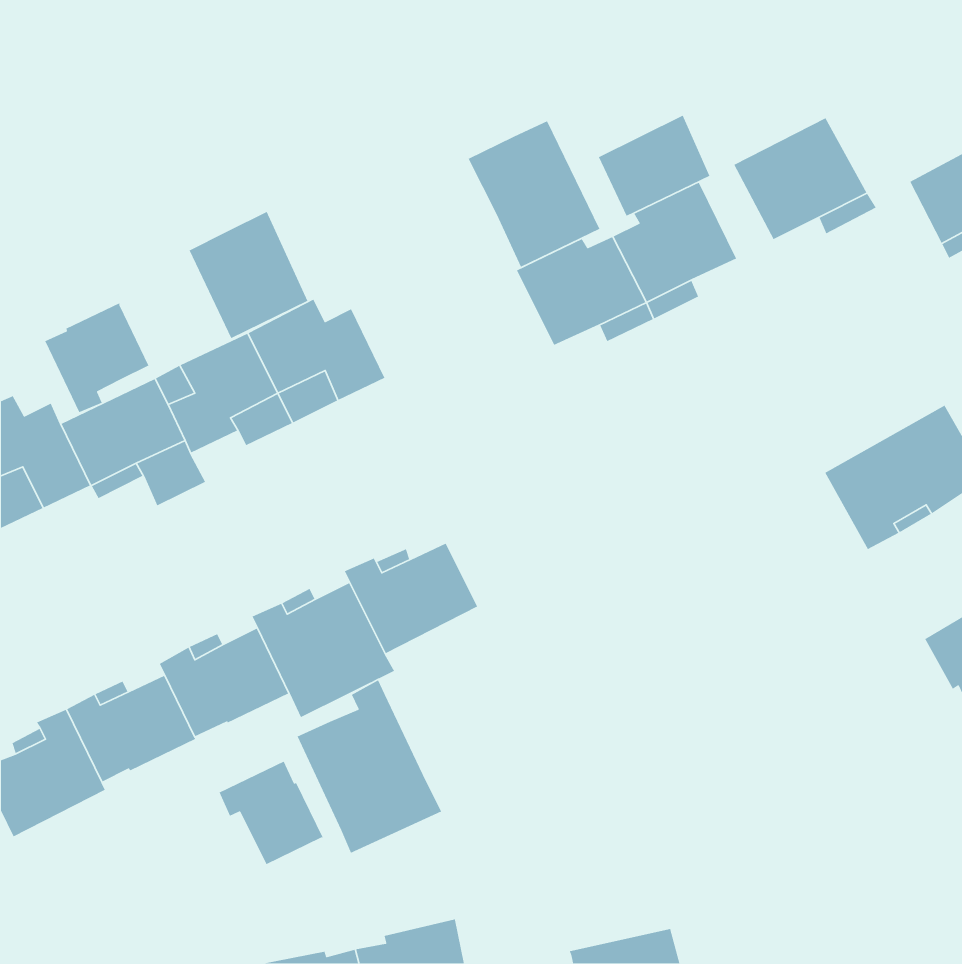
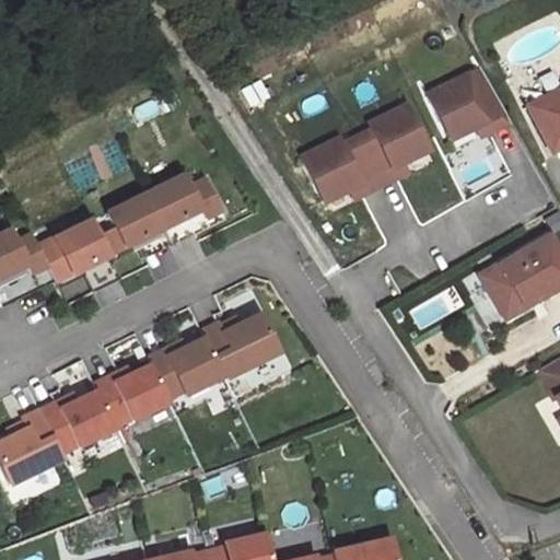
building: [598,115,710,217] -> none
building: [468,120,601,268] -> none
building: [189,211,309,339] -> none
building: [44,302,150,413] -> none
building: [296,679,442,854] -> none
building: [219,761,324,865] -> none

